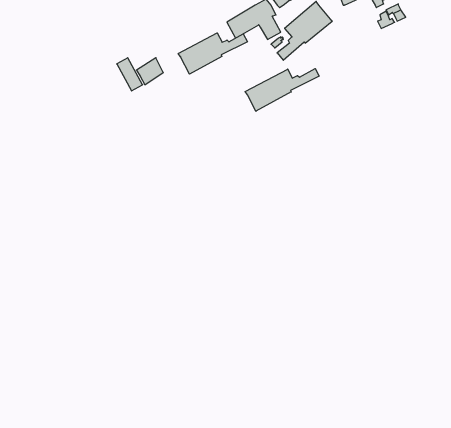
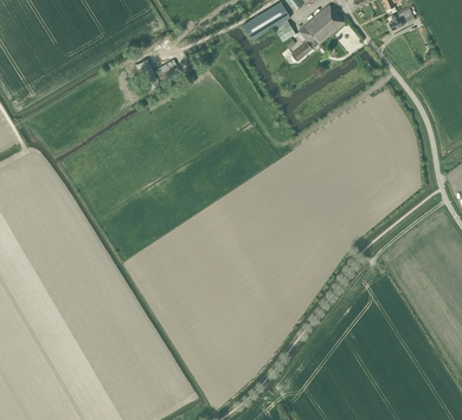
building: [178,33,247,74] -> none
building: [245,69,319,111] -> none

